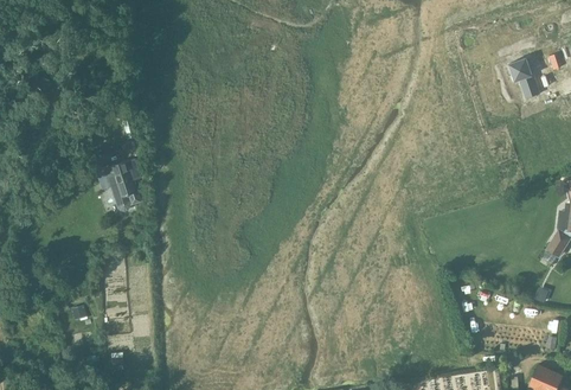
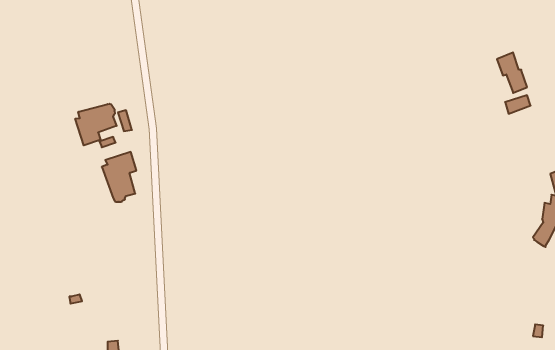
building: none -> [75,104,117,145]

